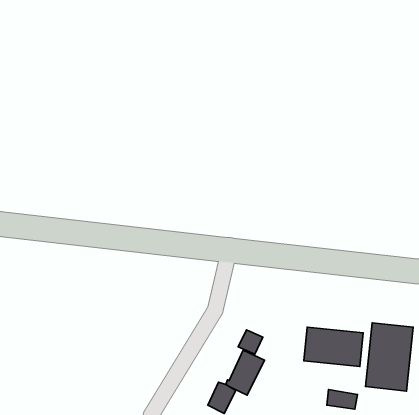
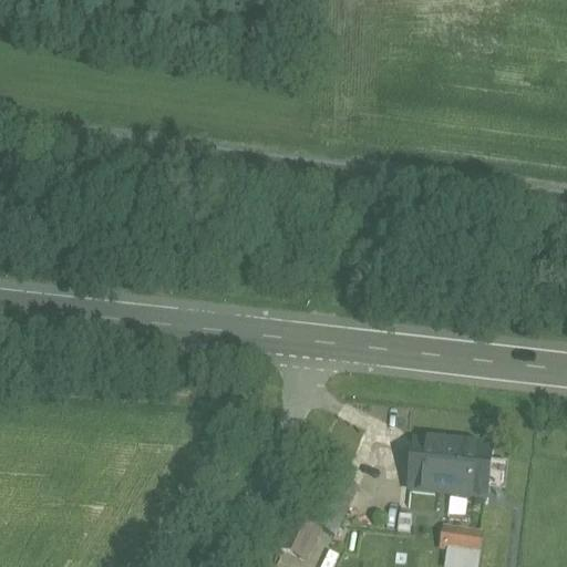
building: [366,323,413,391] -> none

